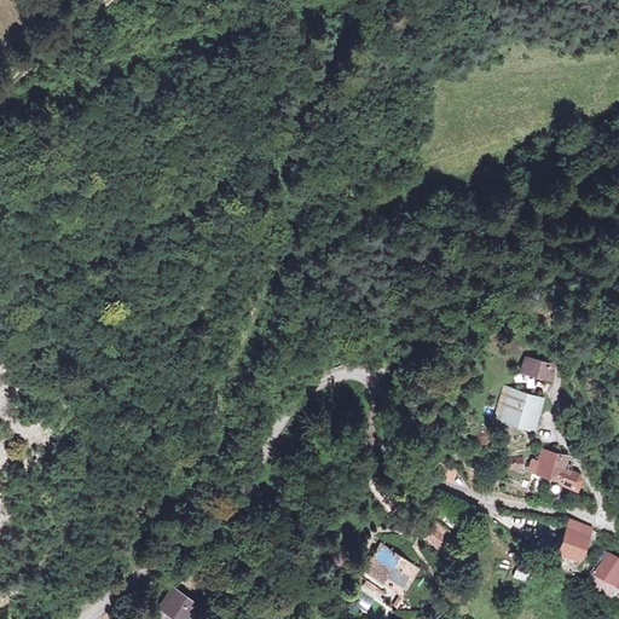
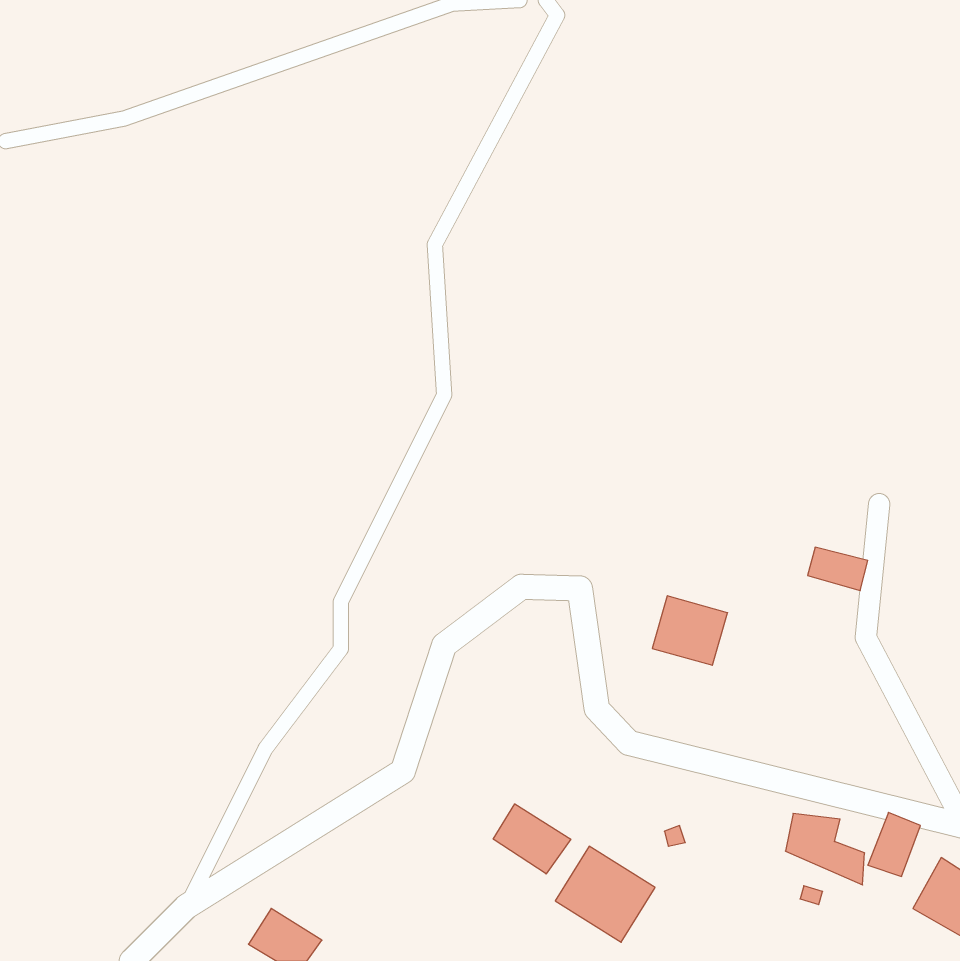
building: [496,389,544,434] -> [652,596,728,665]
building: [533,447,584,493] -> [785,813,865,885]
building: none -> [493,804,571,874]

